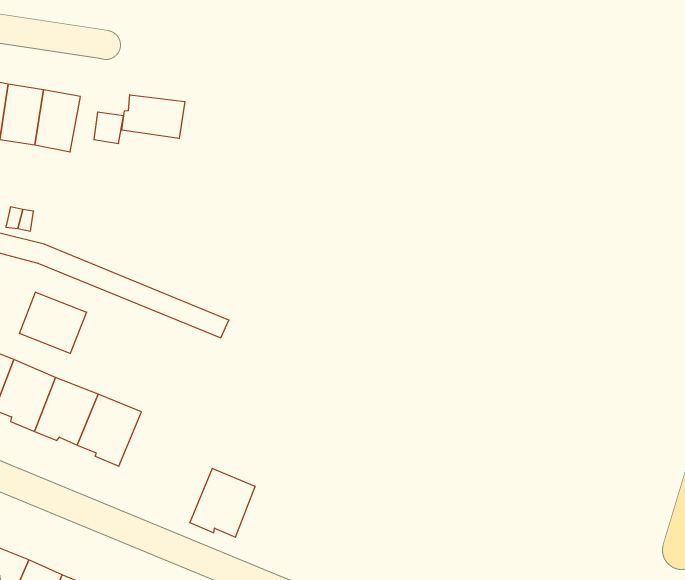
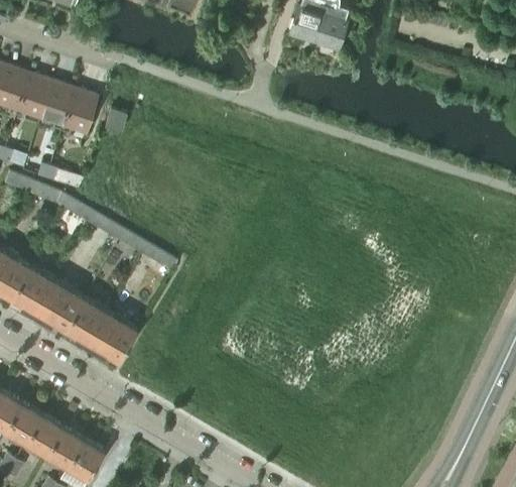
building: [122,95,185,139] -> none
building: [19,292,87,353] -> none
building: [190,468,255,537] -> [91,313,138,361]

